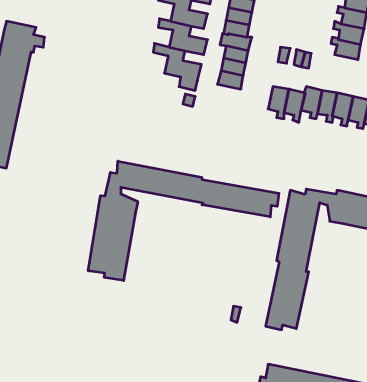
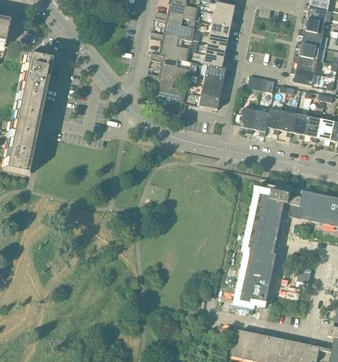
building: [88,161,279,281] -> none

